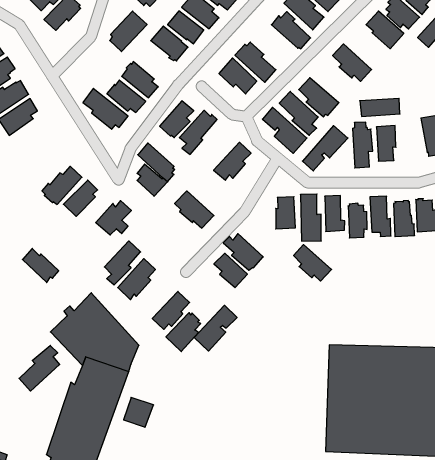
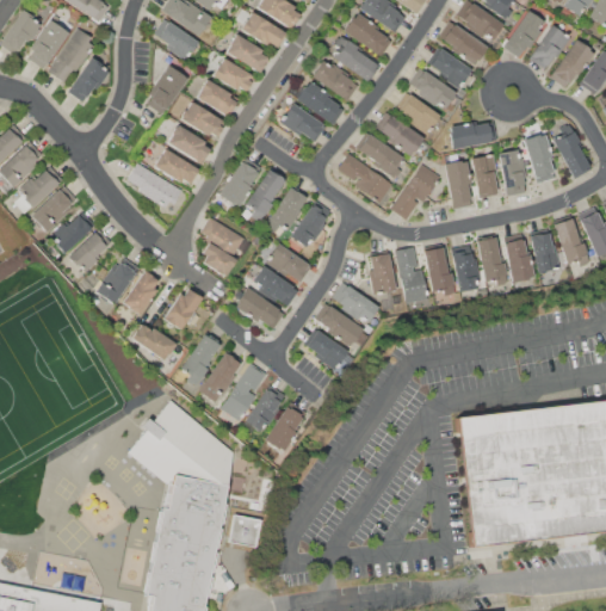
building: none -> [311,60,359,100]
building: none -> [431,48,472,88]
building: none -> [180,100,225,138]
building: none -> [398,94,440,134]
building: none -> [54,211,97,252]
building: none -> [500,149,527,196]
building: none -> [265,184,309,233]
building: none -> [69,228,112,272]
building: none -> [267,242,311,280]
building: none -> [236,286,285,327]
building: [294,245,332,281] -> [333,282,379,321]
building: [22,248,59,283] -> [132,322,177,359]
building: [194,305,237,351] -> [221,364,267,420]
building: [19,345,60,391] -> none

